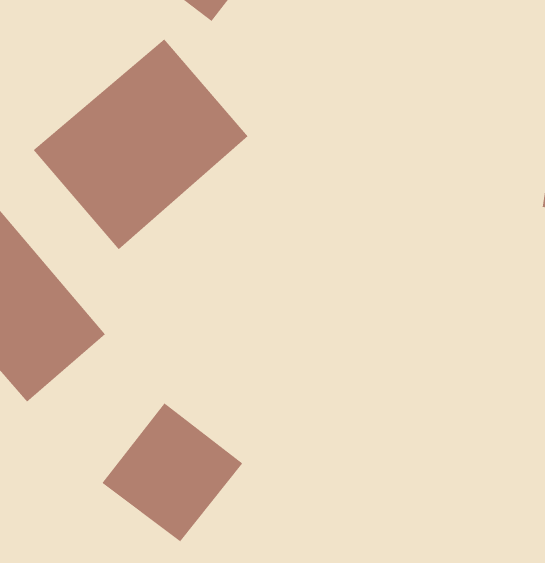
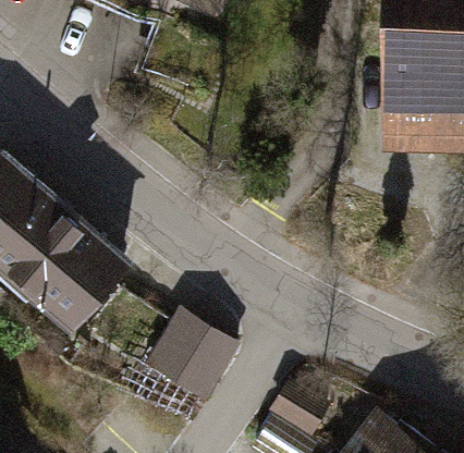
building: [33,39,248,250] -> none

